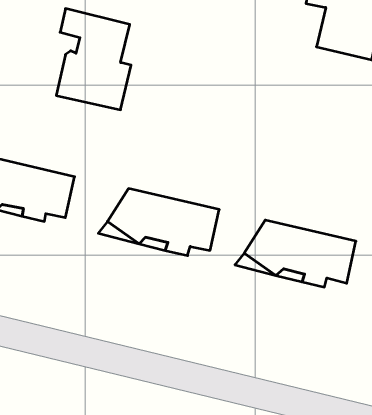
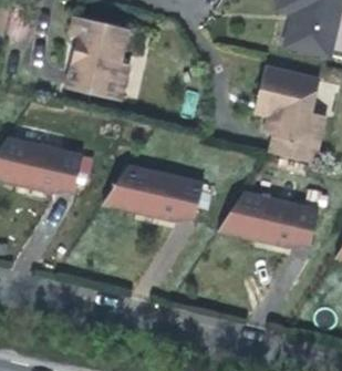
building: none -> [253,64,325,161]

